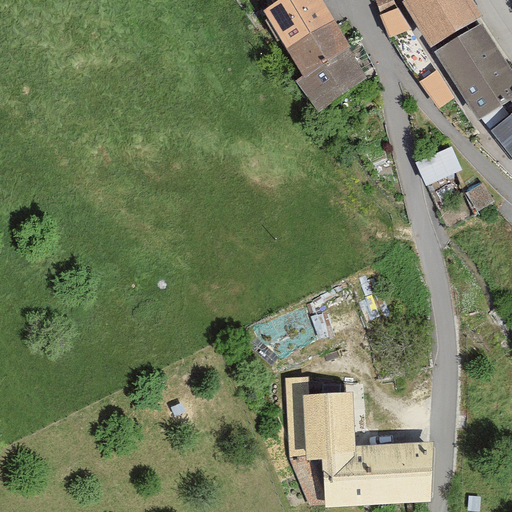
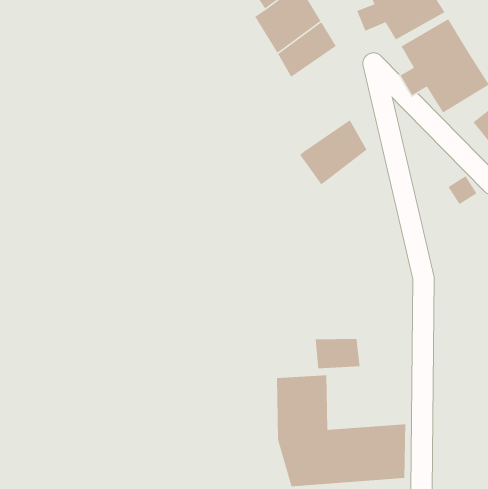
building: [301,48,372,117] -> [299,119,367,186]
building: [420,148,466,187] -> none
building: none -> [315,338,361,369]

